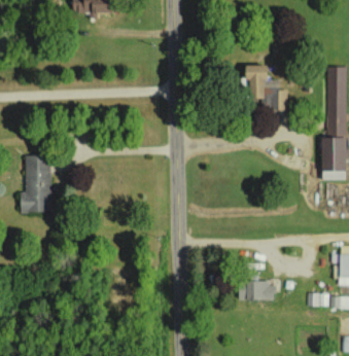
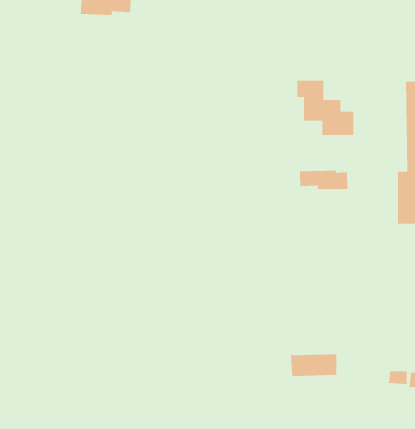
building: none -> [299,170,348,190]
building: [20,154,51,212] -> none

